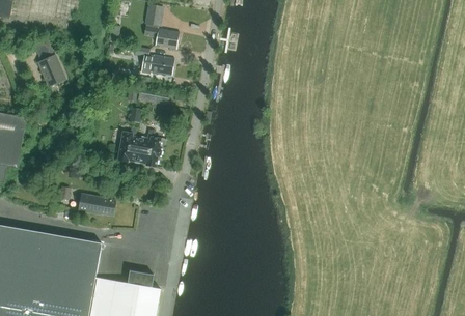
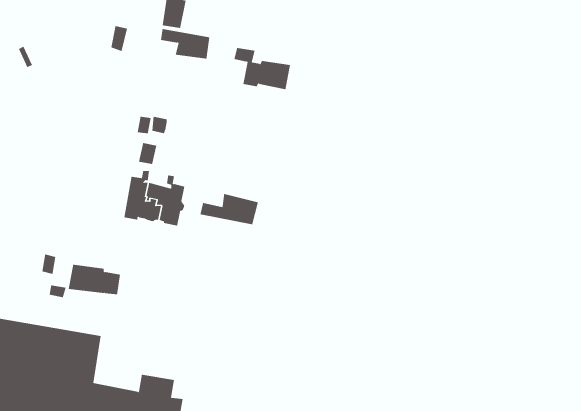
building: [134,46,174,76] -> [234,47,291,90]
building: [38,55,64,85] -> none
building: none -> [200,193,258,225]

